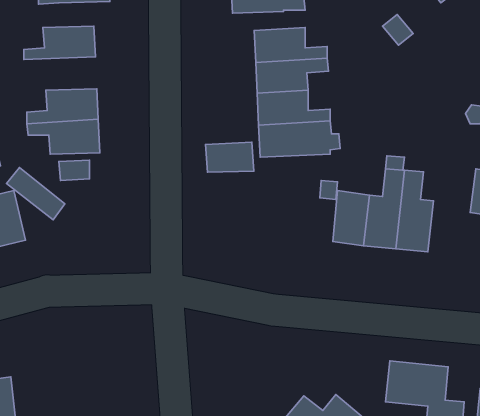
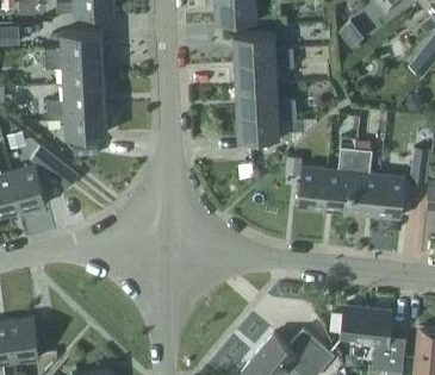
building: none -> [44,56,104,83]
building: [205,142,254,172] -> none
building: none -> [374,174,404,219]

